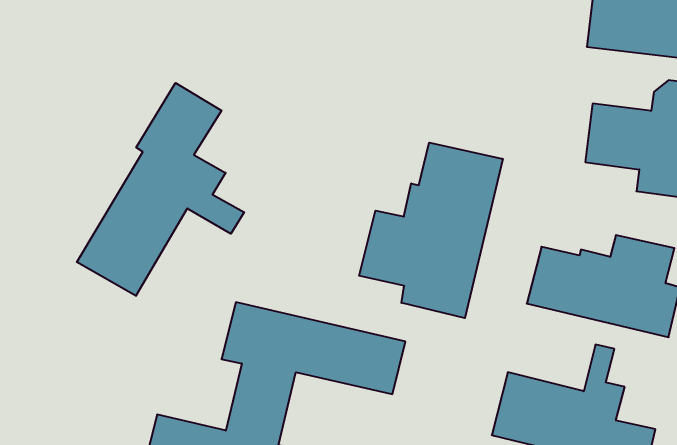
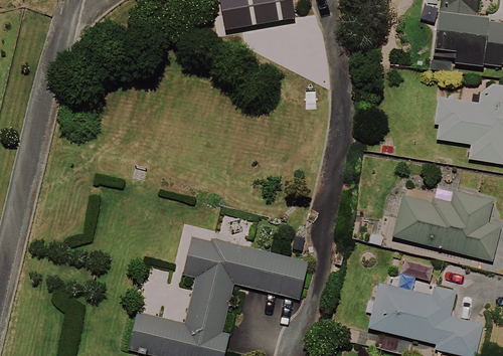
building: [77,83,244,296] -> none
building: [359,143,503,318] -> none

